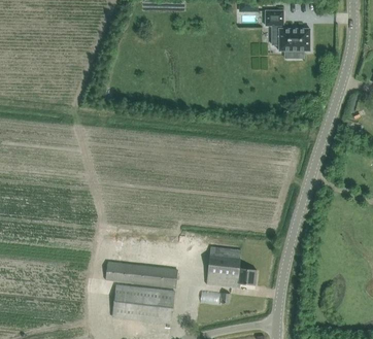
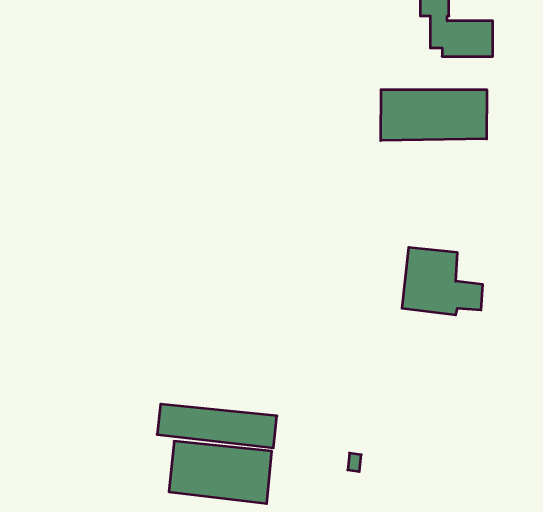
building: none -> [381,90,487,141]
building: [207,247,257,289] -> [402,247,483,315]

